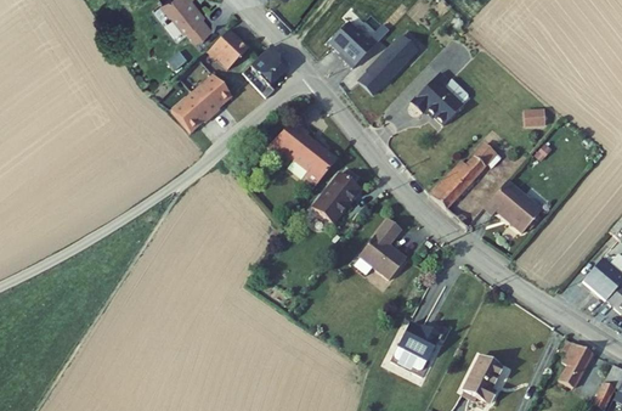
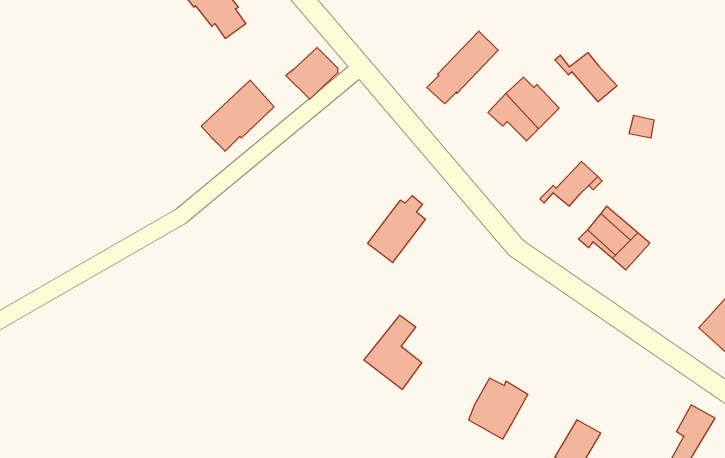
building: [330,22,375,68] -> none
building: [210,30,248,67] -> none
building: none -> [555,53,617,102]
building: [264,124,335,188] -> none
building: [432,168,476,210] -> none
building: [357,218,405,278] -> [364,315,422,389]

